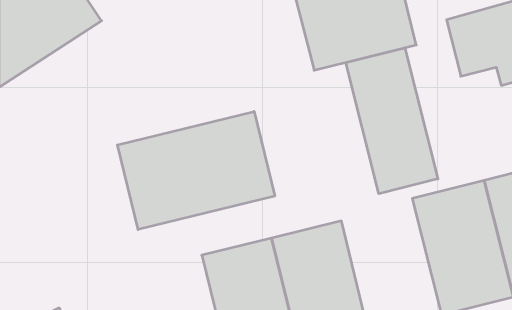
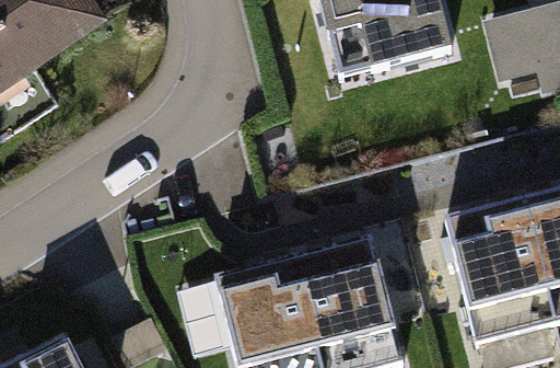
building: [346,48,438,194] -> none
building: [117,111,275,230] -> none

